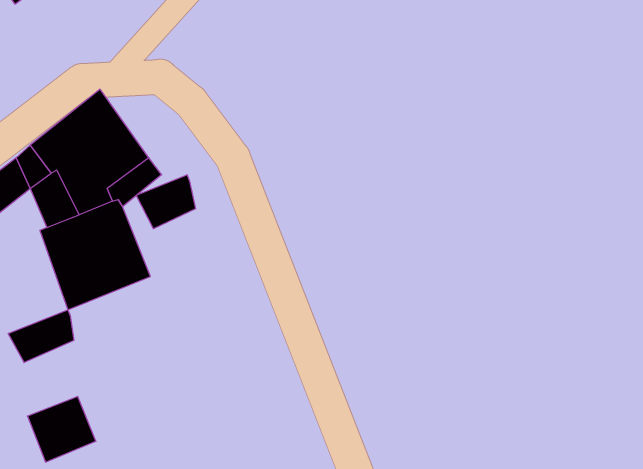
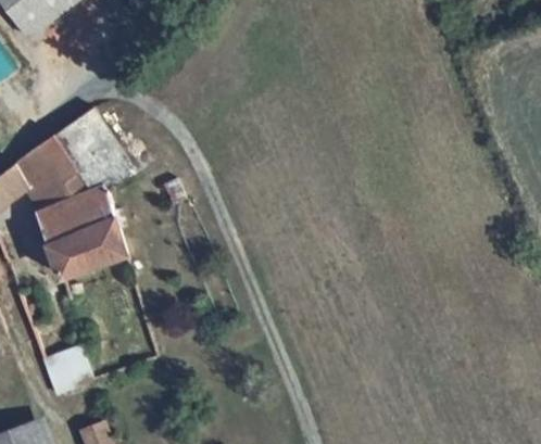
building: [136,175,196,229] -> none
building: [8,310,74,363] -> none

